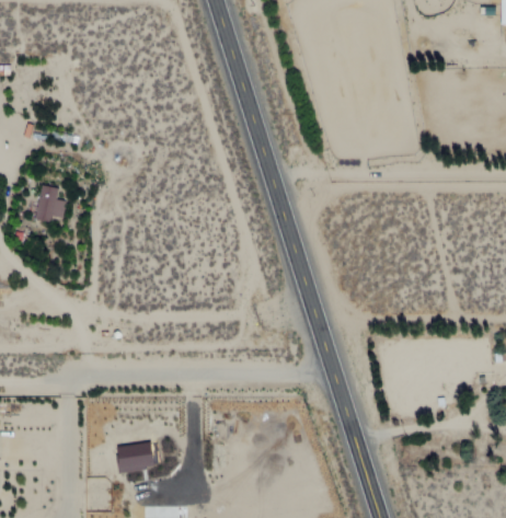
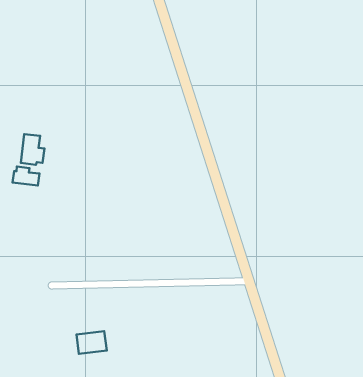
building: none -> [13,167,39,186]

